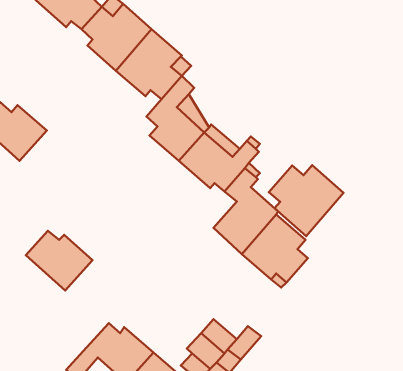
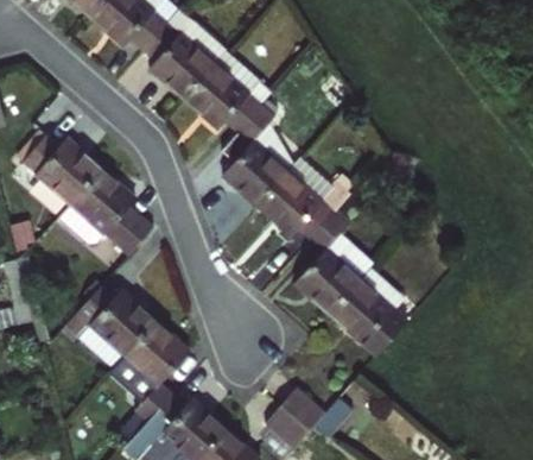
building: none -> [69,169,153,257]
building: [269,165,344,236] -> none
building: none -> [122,321,189,423]

